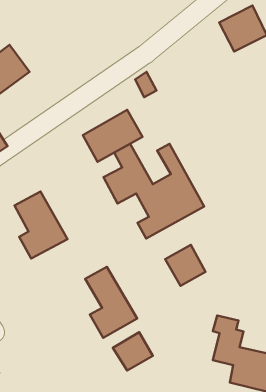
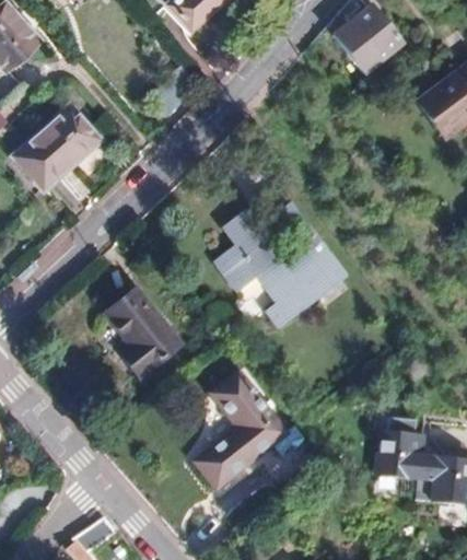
building: [83,110,143,162] -> none
building: [165,245,205,286] -> none
building: [113,332,153,371] -> [194,438,246,489]

